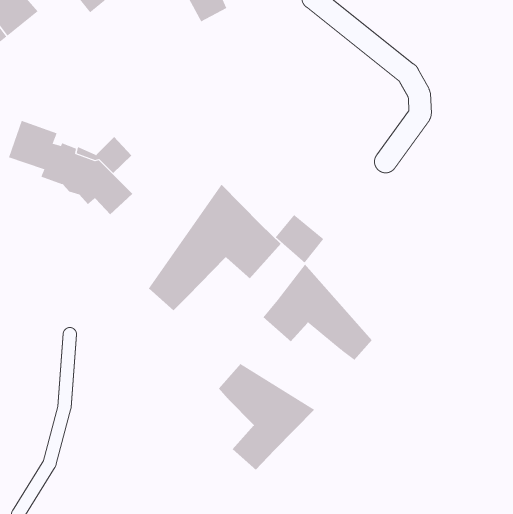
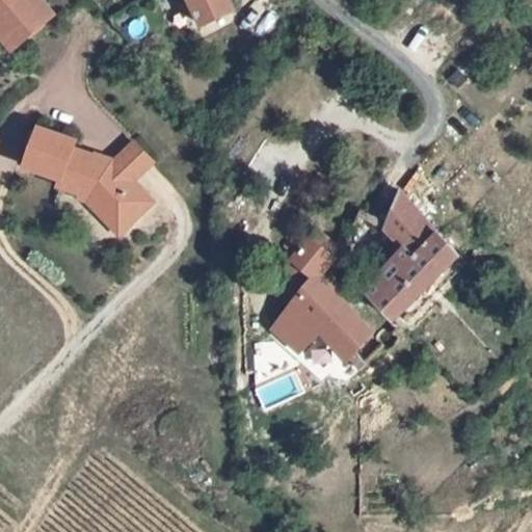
building: none -> [361,187,471,335]
building: [148,184,281,311] -> none
building: [218,363,315,471] -> none

